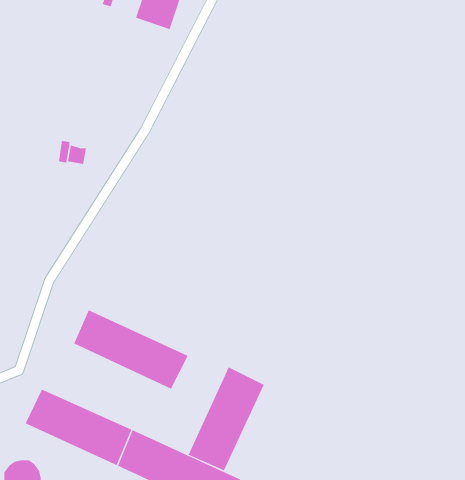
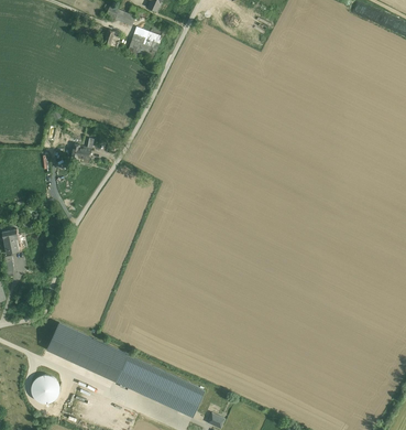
building: [73,309,189,389] -> none
building: [188,366,265,471] -> none

